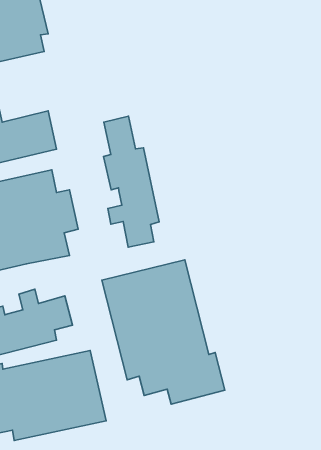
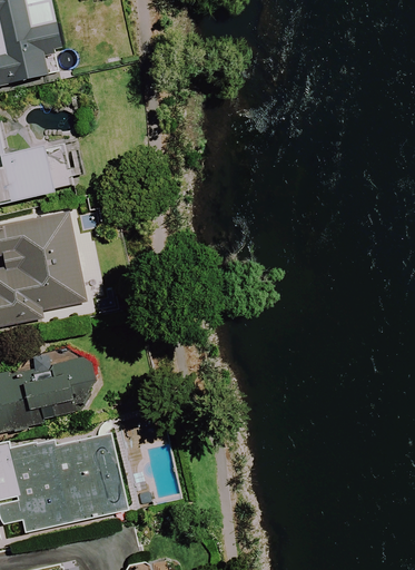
building: [103,116,159,247] -> none
building: [102,260,225,404] -> none

